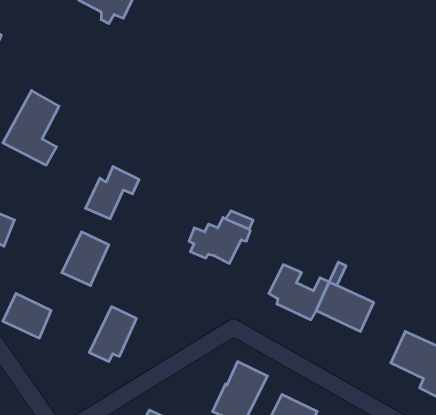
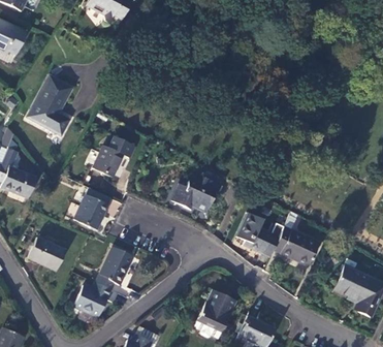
building: none -> [73,282,117,317]

